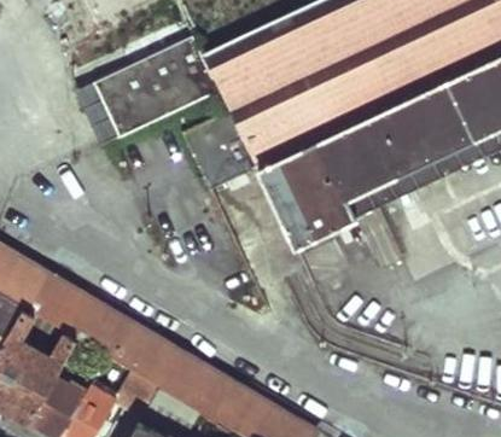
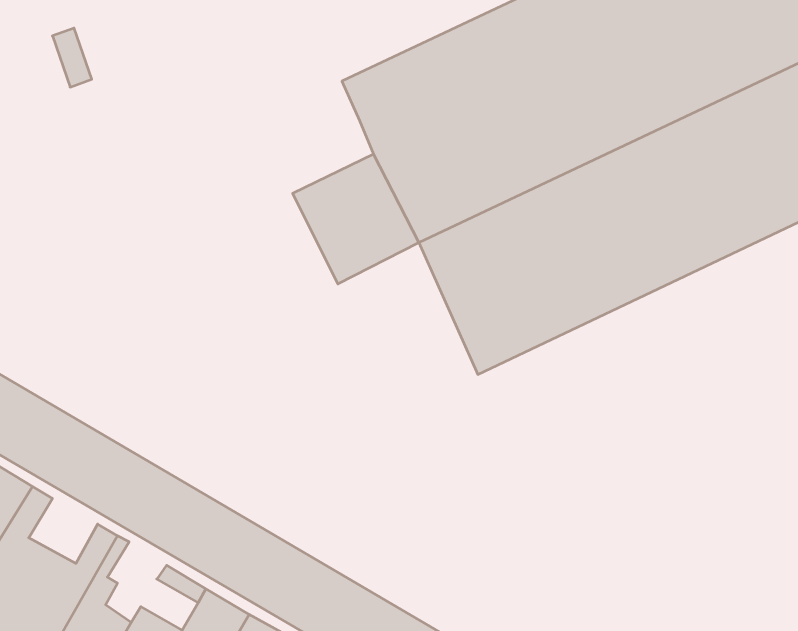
building: [88,34,223,140] -> none

